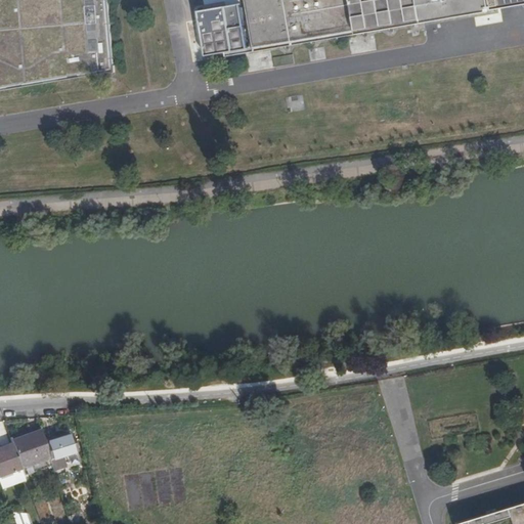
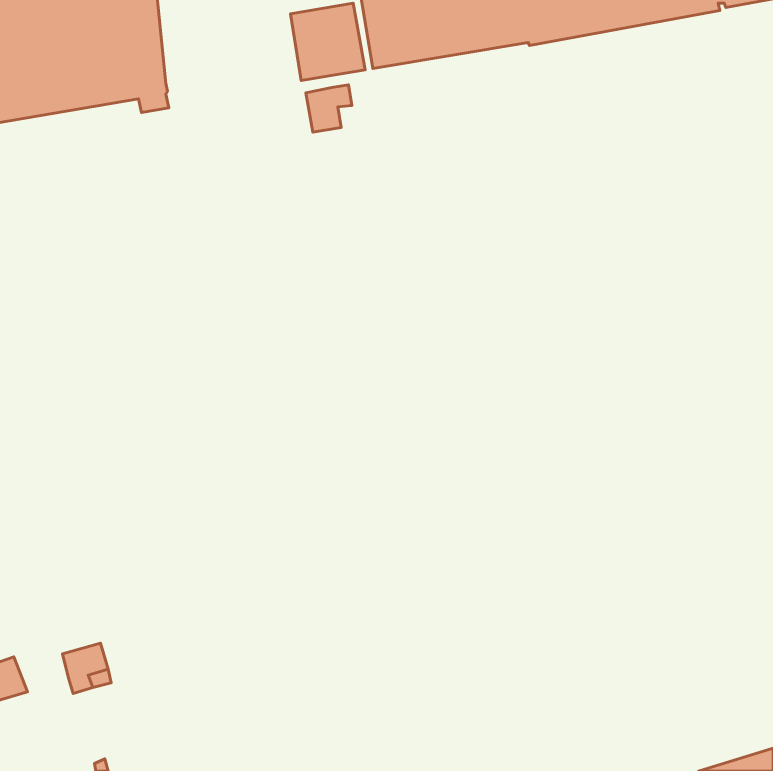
building: none -> [306,85,352,132]
building: [7,427,46,466] -> none

